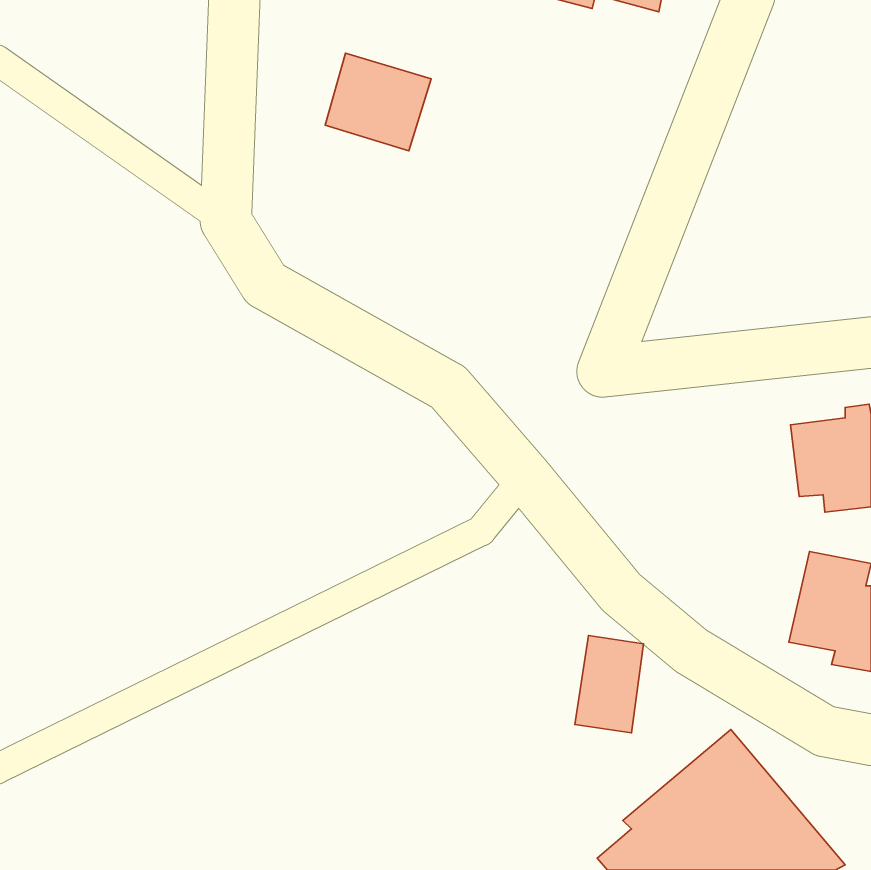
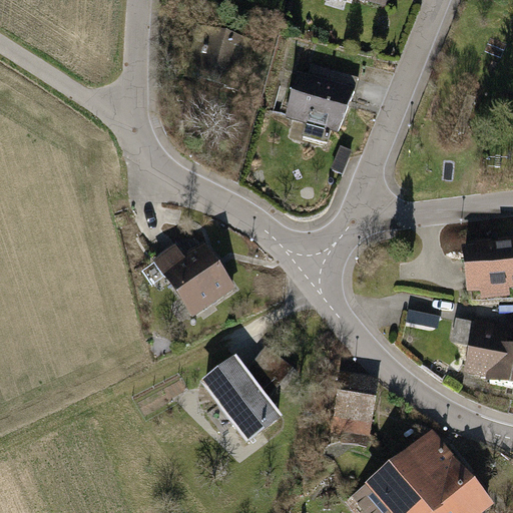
building: none -> [288,61,358,127]
building: none -> [155,240,232,313]
building: none -> [202,360,282,445]

